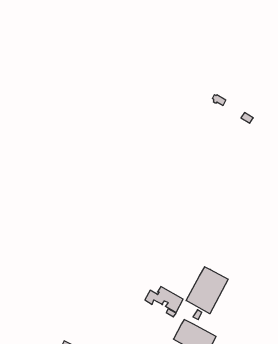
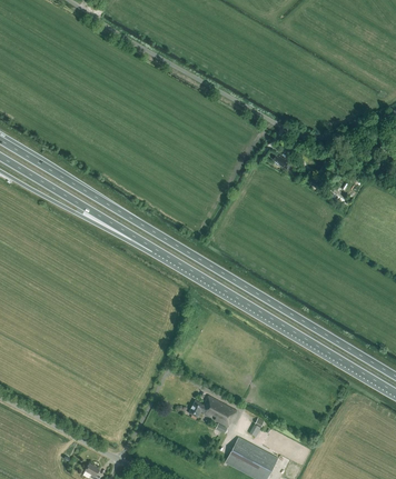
building: [186,267,228,314] -> none

